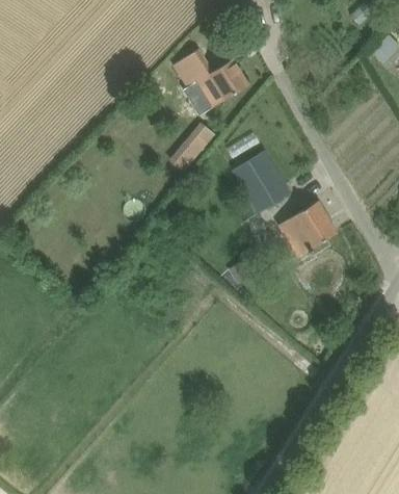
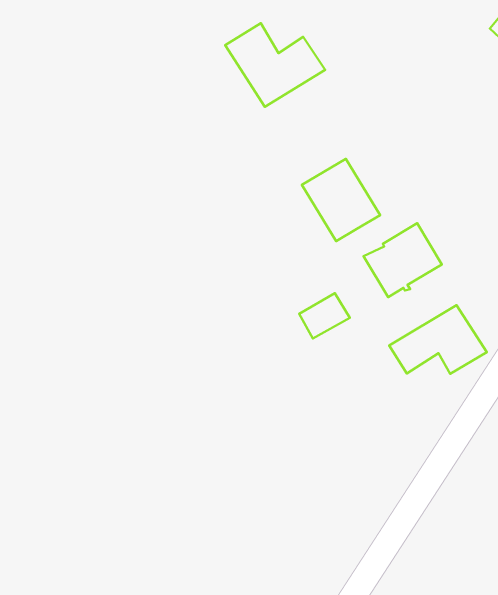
building: [169,121,217,170] -> none
building: none -> [389,305,487,374]

